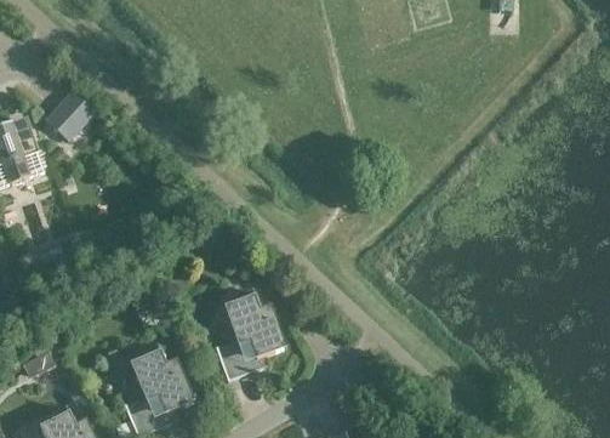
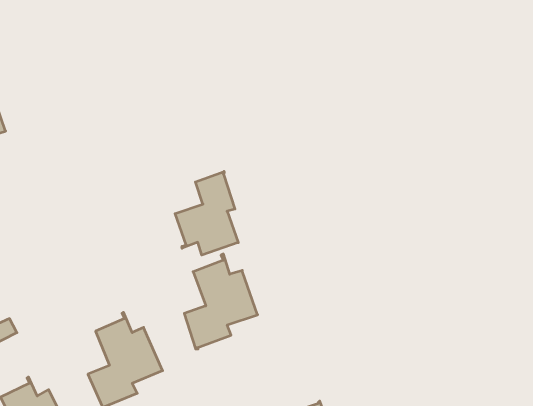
building: [46,87,98,140] -> none
building: none -> [175,171,238,255]

